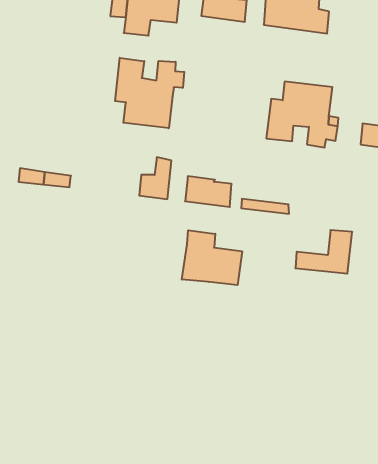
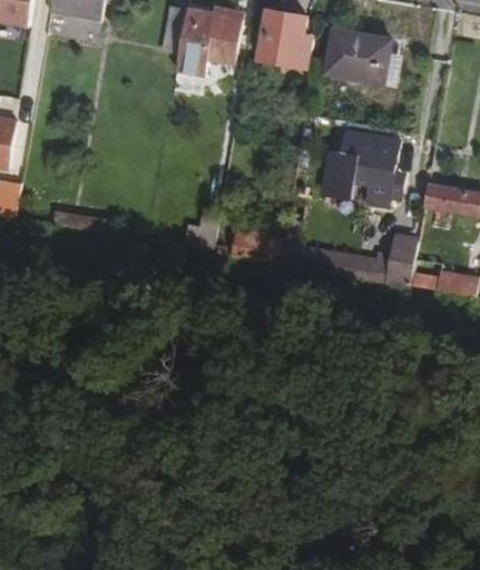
building: [115,58,184,128] -> none
building: [295,230,352,274] -> [353,238,417,286]
building: [182,230,242,285] -> none

